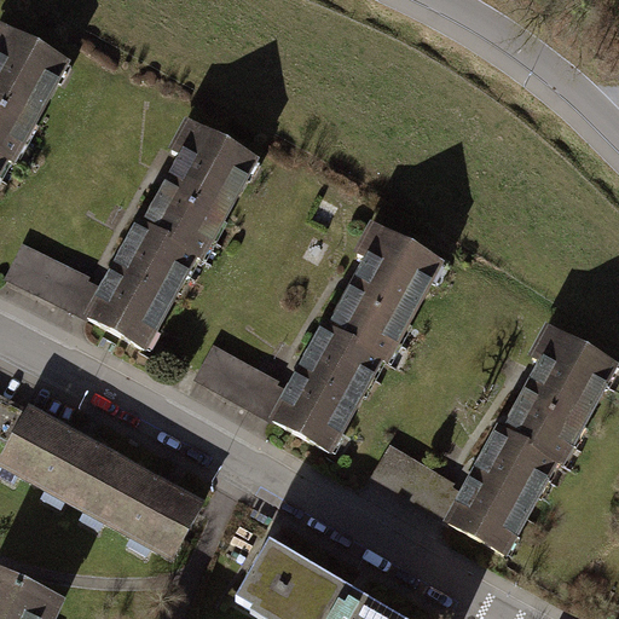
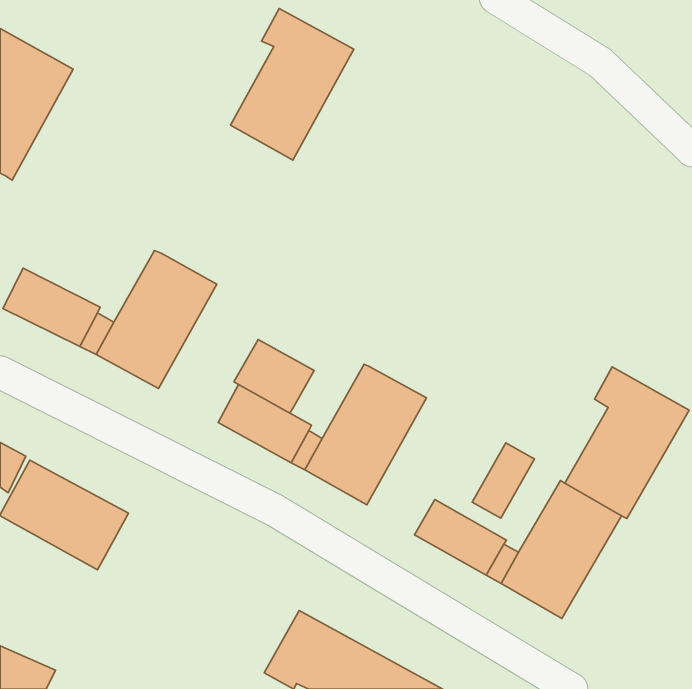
building: [144,122,254,258] -> [230,9,354,160]
building: [330,225,439,358] -> none
building: none -> [234,339,314,413]
building: none -> [472,443,535,518]
building: [87,458,199,555] -> none

